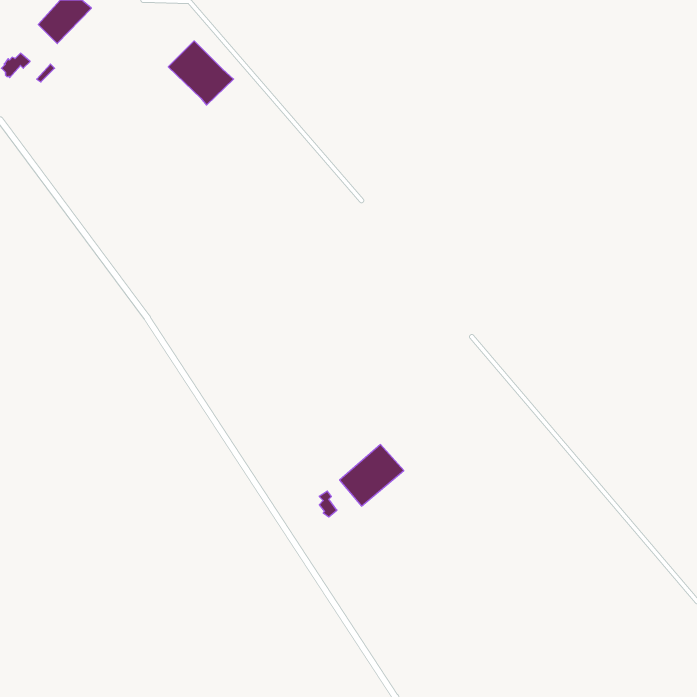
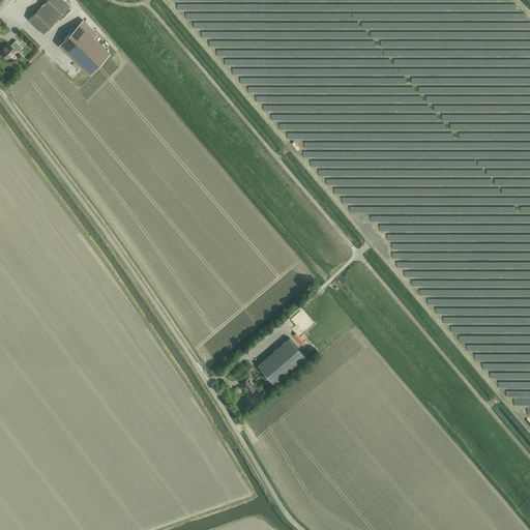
building: [168,41,234,105] -> [59,24,109,72]

